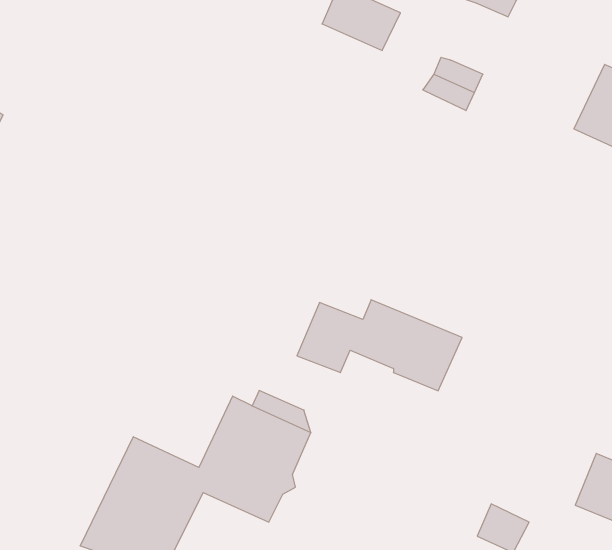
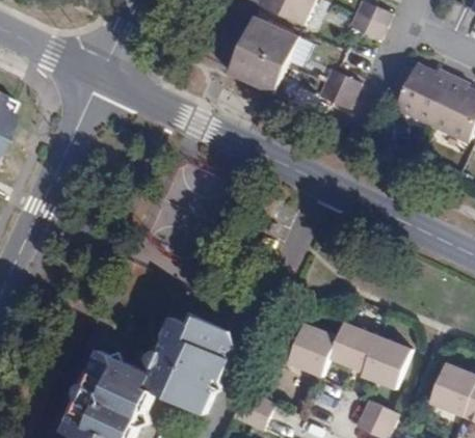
building: none -> [227,45,286,93]
building: none -> [394,64,451,122]
building: [297,300,462,391] -> [287,322,410,389]

